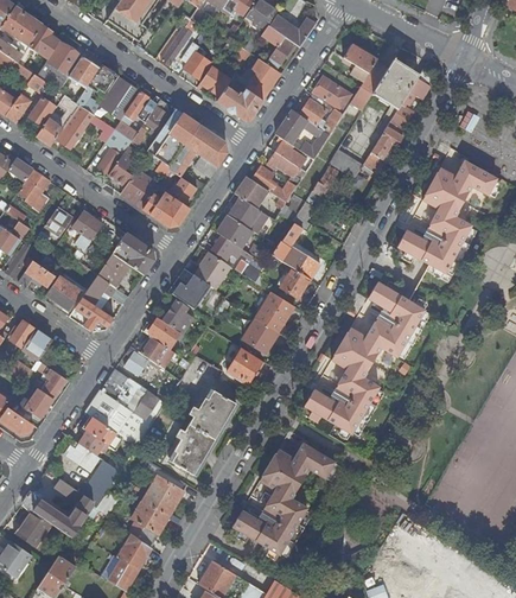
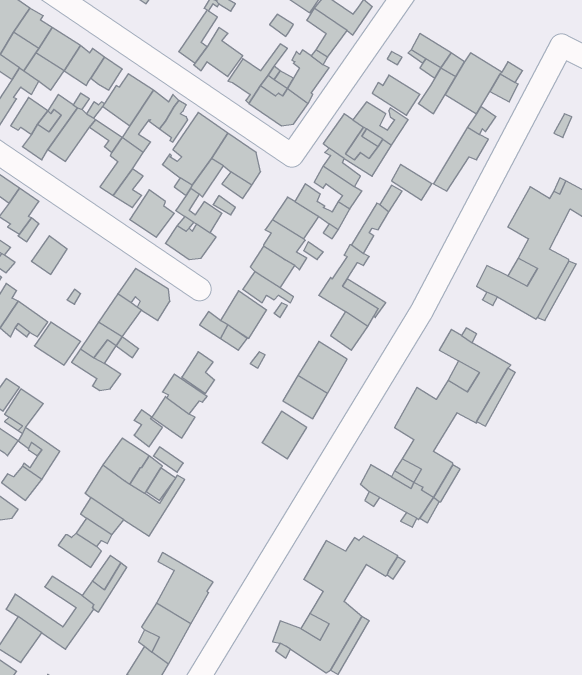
building: [70,210,102,249] -> none
building: [170,389,235,475] -> none

